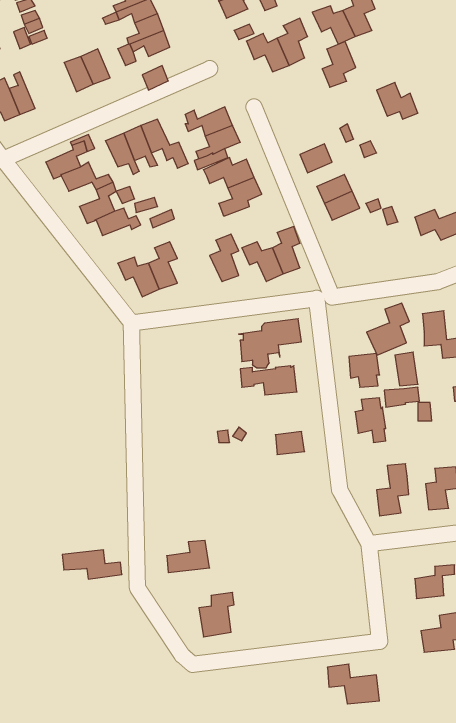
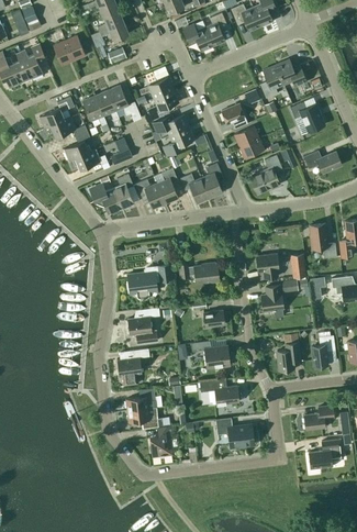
building: [322,41,356,87] -> [259,65,283,98]
building: none -> [20,43,46,78]
building: none -> [289,102,324,132]
building: none -> [135,179,165,208]
building: [367,303,409,355] -> [250,155,281,192]
building: [239,319,301,368] -> [126,264,171,299]
building: none -> [126,308,158,343]
building: none -> [190,341,228,367]
building: none -> [116,348,148,386]
building: none -> [199,379,238,404]
building: [62,550,122,579] -> [126,408,169,429]
building: [327,664,379,704] -> [215,418,253,446]

